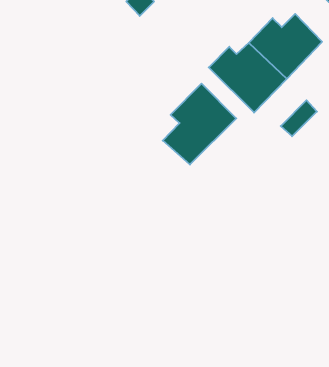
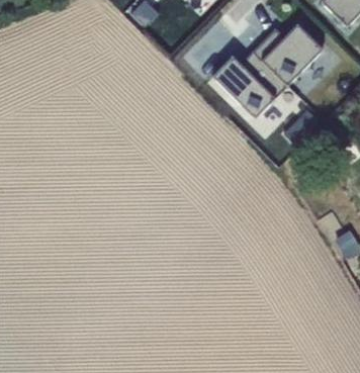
building: [163,84,236,165] -> none

